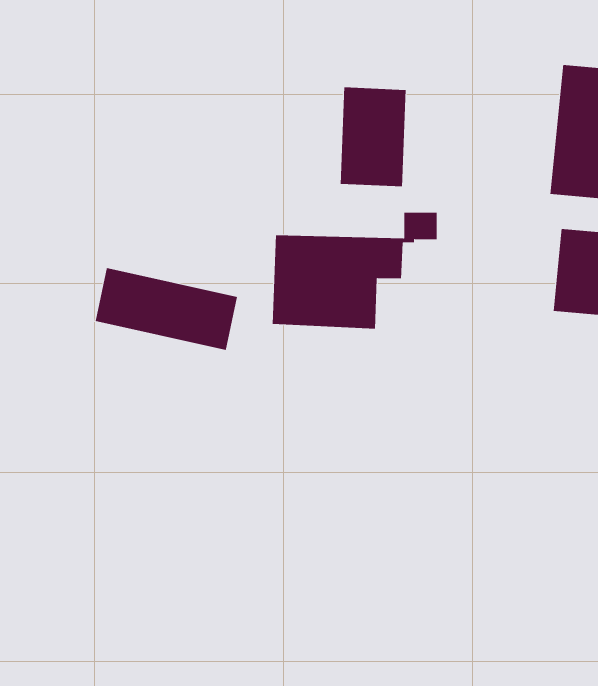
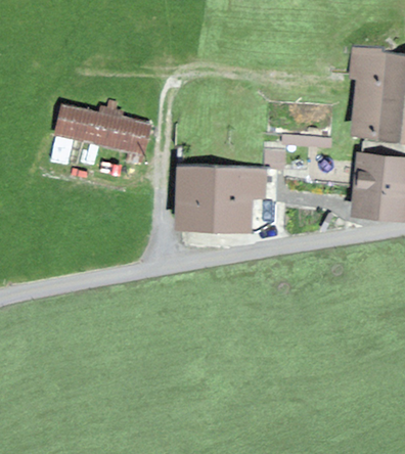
building: [340,87,406,187] -> none
building: [95,268,238,350] -> [55,106,145,158]

